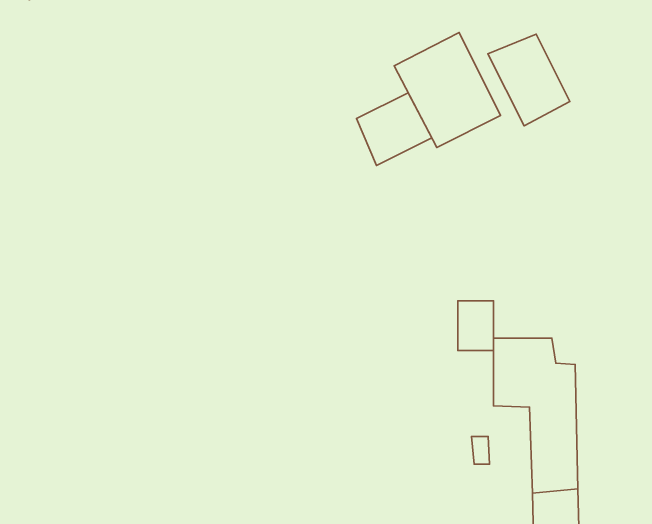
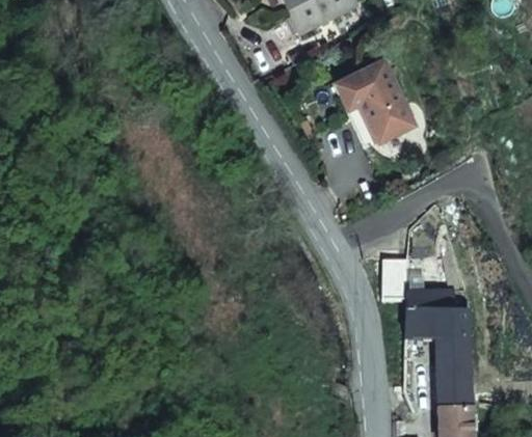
building: [488,34,570,126] -> none
building: [356,93,432,165] -> none

